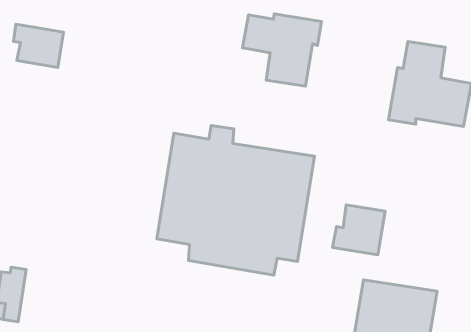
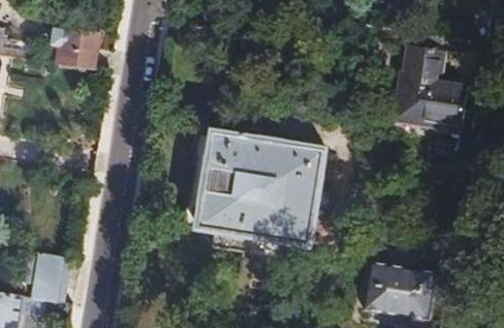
building: [243,14,322,86] -> none
building: [333,205,385,255] -> none

